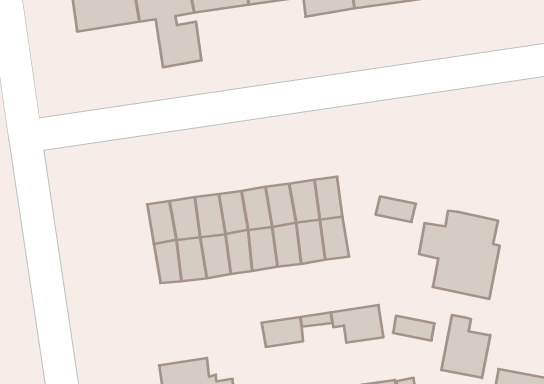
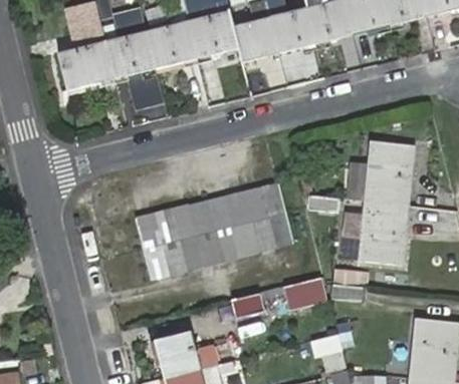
building: none -> [350,141,416,205]
building: [441,315,490,378] -> none

